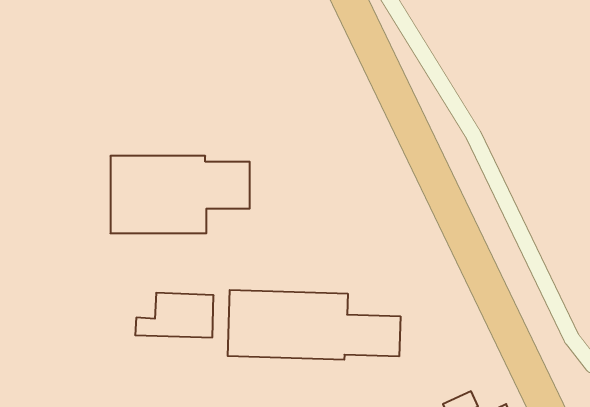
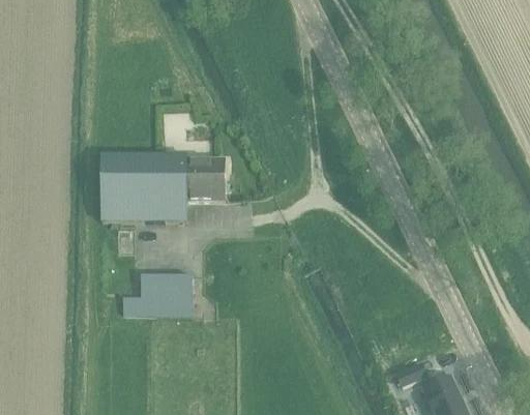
building: [228,290,400,360] -> none

